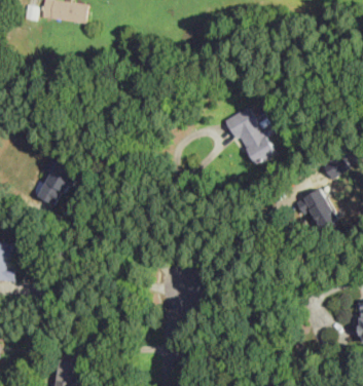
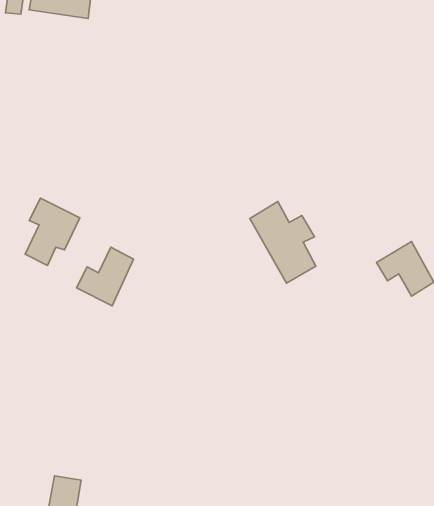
building: [226,107,275,166] -> [250,202,316,283]
building: none -> [76,247,134,306]

